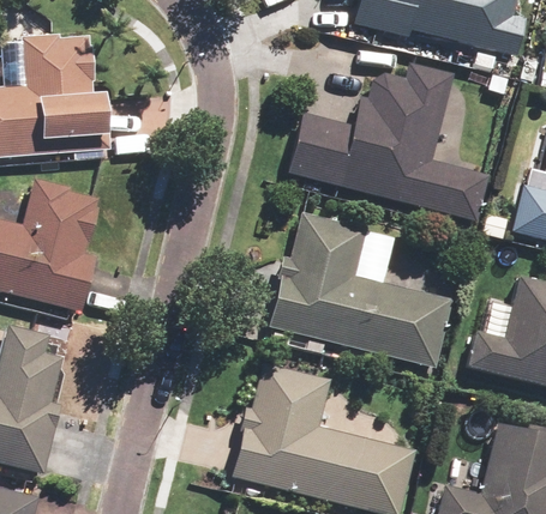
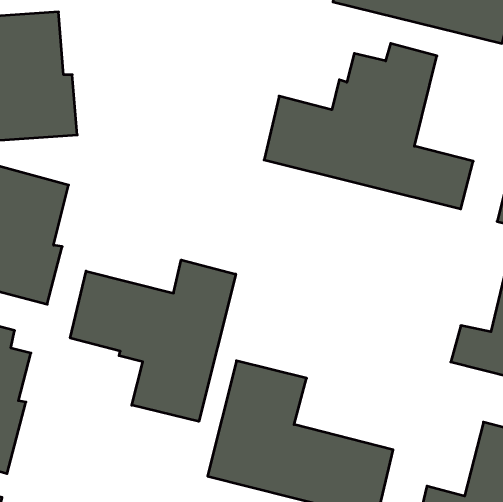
building: [271,212,450,363] -> none
building: none -> [70,260,236,421]

